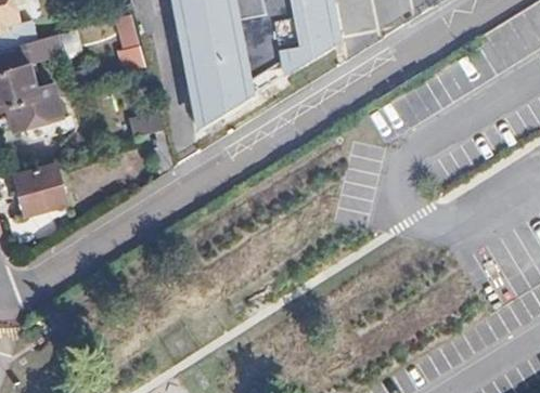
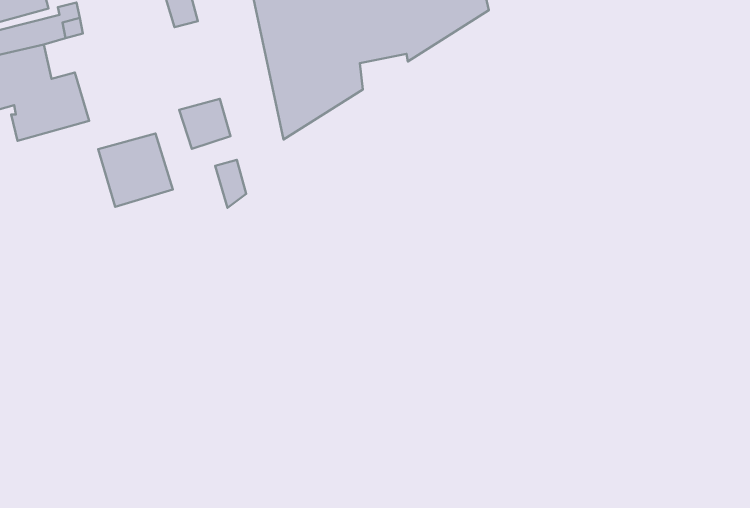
building: [13,163,65,214] -> [98,134,173,207]

